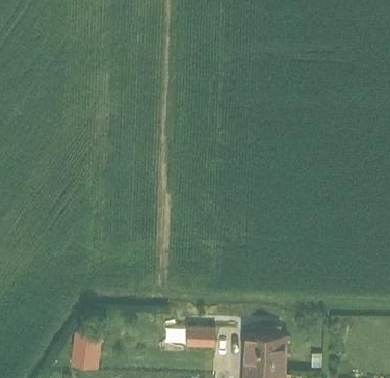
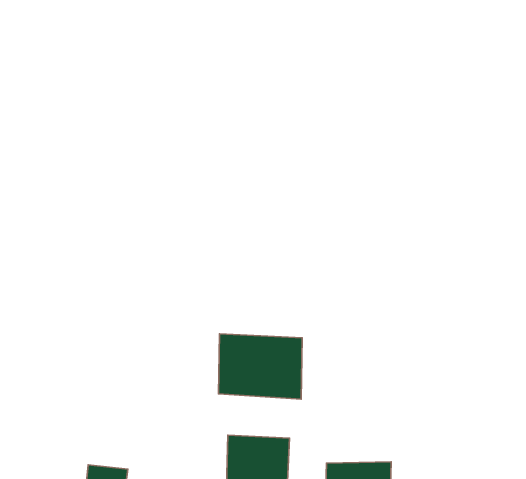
building: none -> [219,334,302,399]

